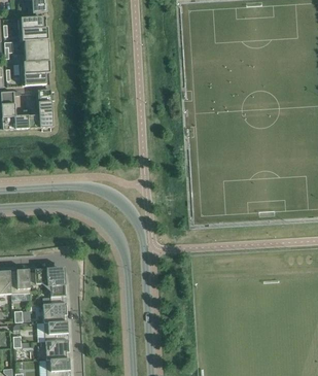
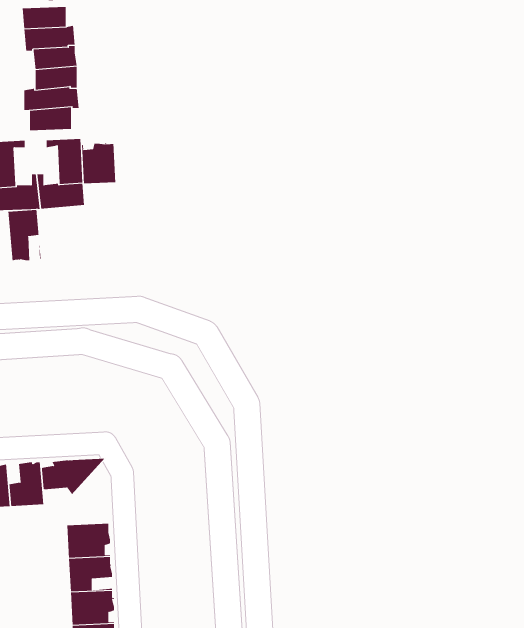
building: none -> [81,142,116,184]
building: none -> [8,209,41,262]
building: [42,266,66,303] -> none

